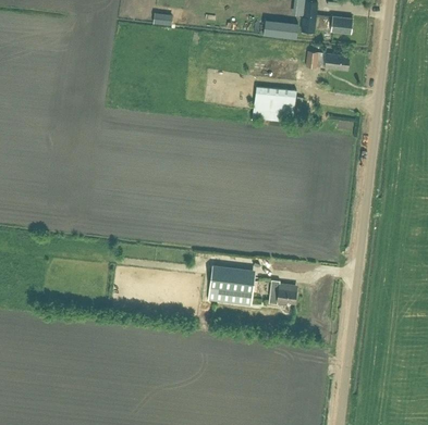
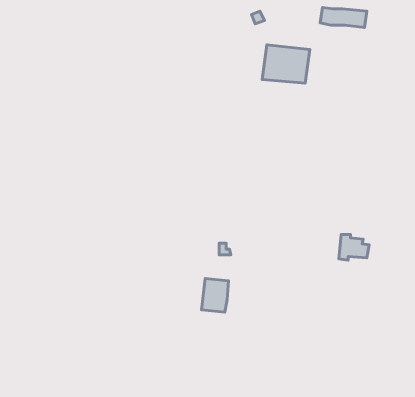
building: [229,273,254,304] -> [202,279,228,312]
building: [268,279,296,303] -> [339,234,369,260]

